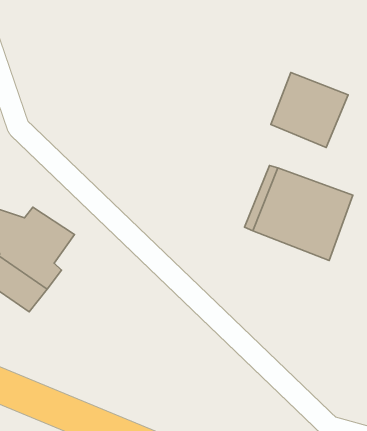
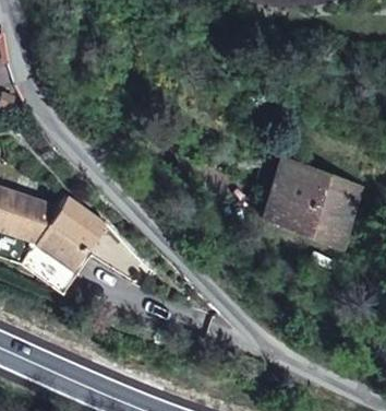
building: [271,73,348,148] -> none

